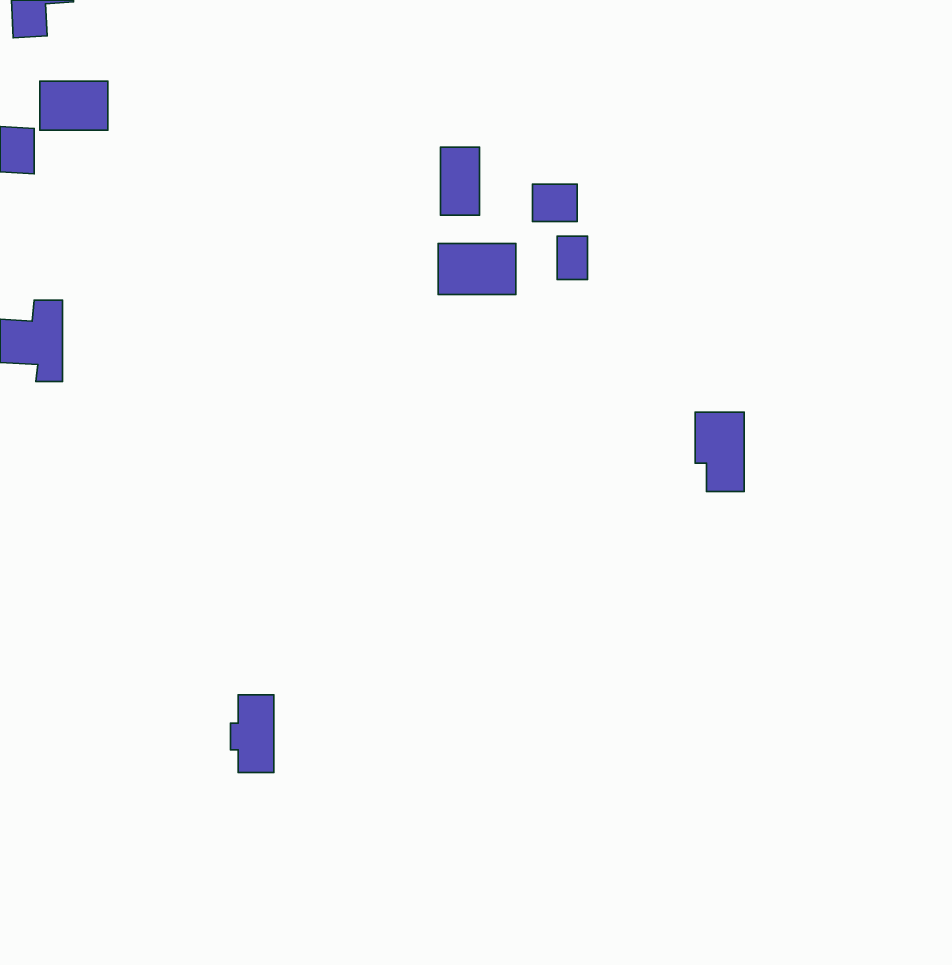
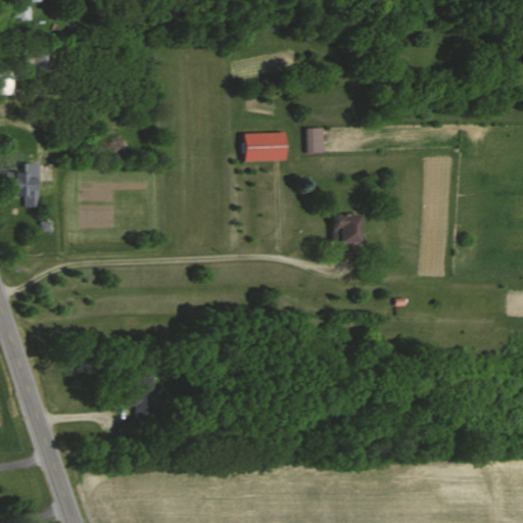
building: [441,147,479,215] -> none
building: [533,184,577,221] -> none
building: [695,412,744,492] -> [334,216,361,258]

